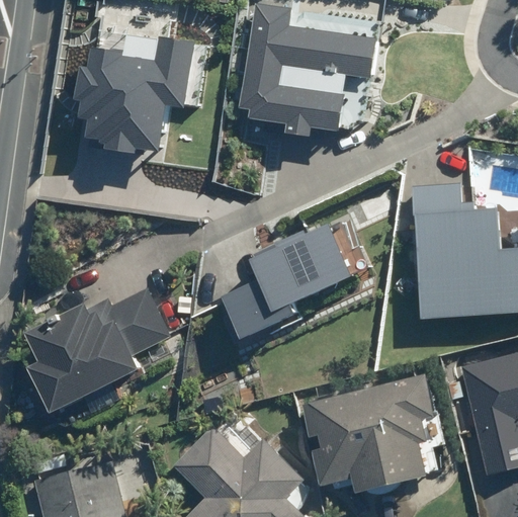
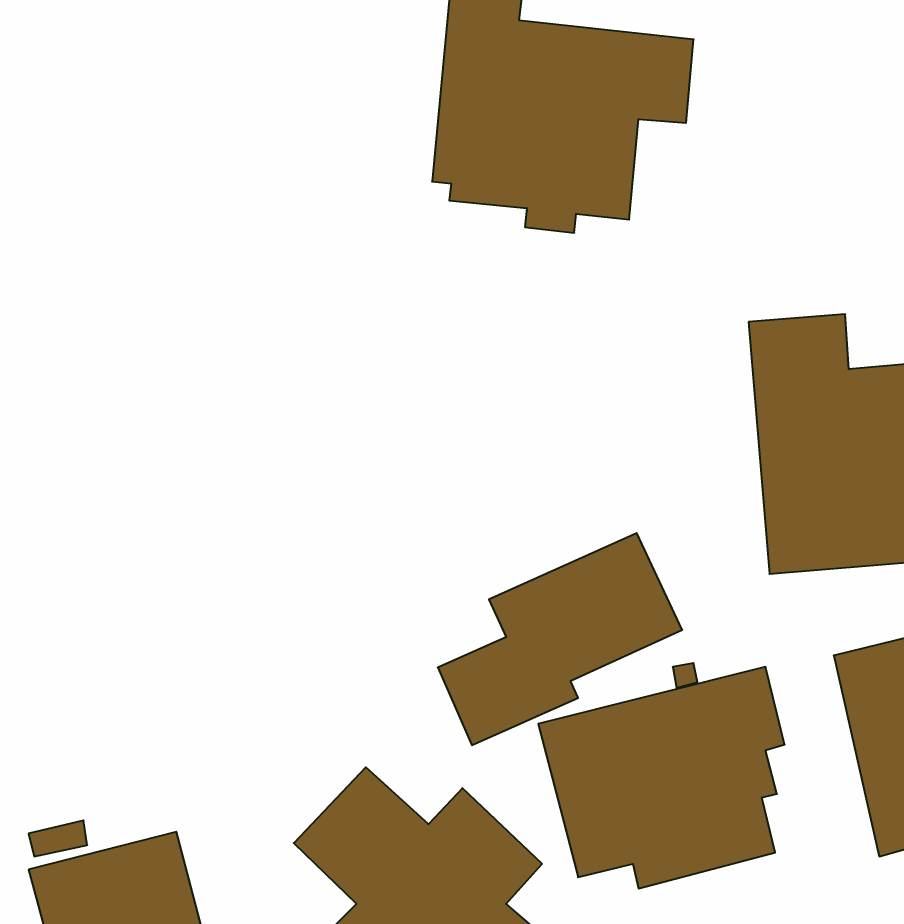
building: [81,35,204,156] -> none
building: [212,227,343,340] -> [438,533,682,745]
building: [26,289,166,411] -> none

